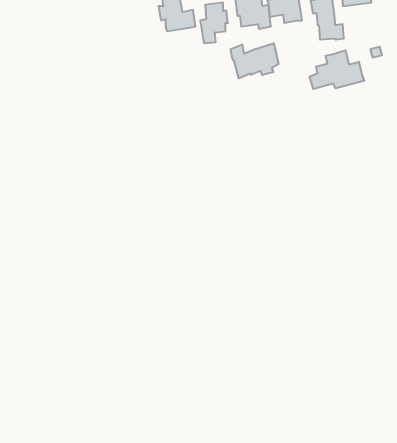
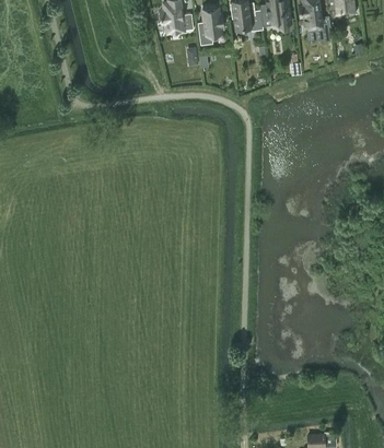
building: [230,43,278,78] -> none
building: [309,50,364,89] -> none

